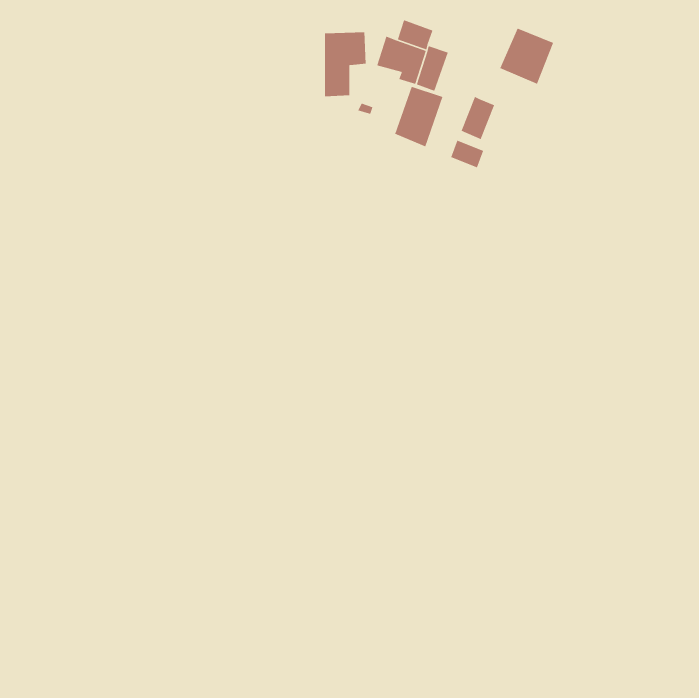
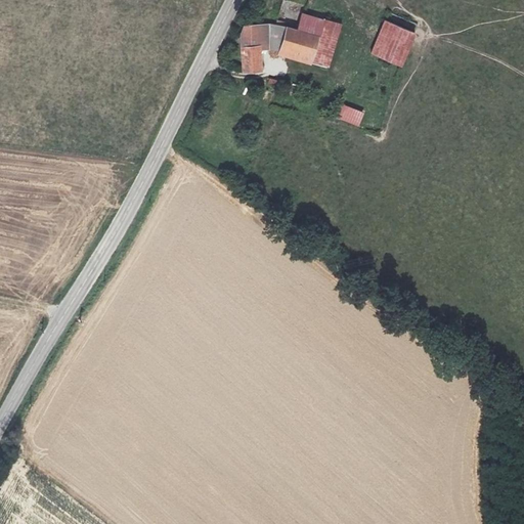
building: [394,86,444,147] -> none
building: [460,96,495,140] -> none

